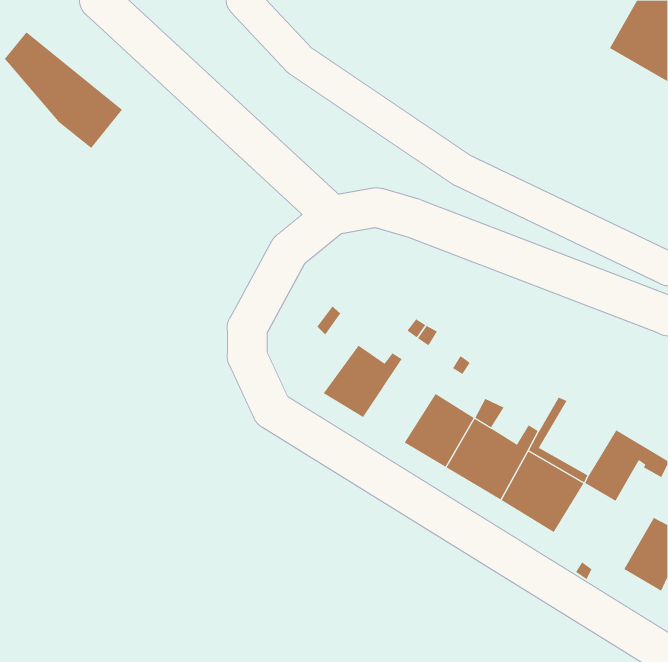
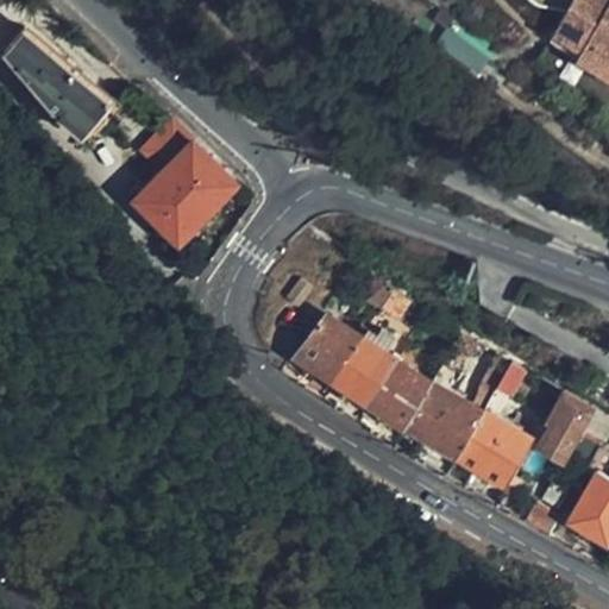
building: none -> [134,126,236,247]
building: none -> [331,329,396,408]

